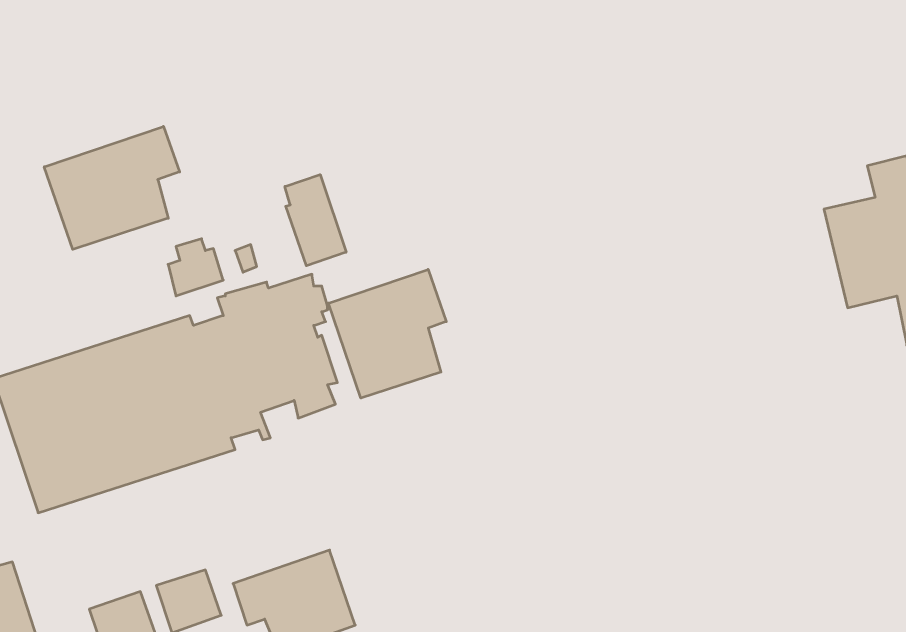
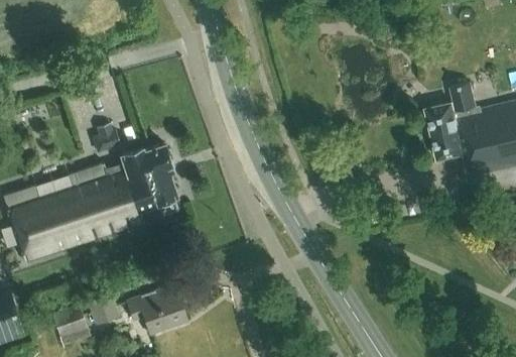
building: [44,126,180,249] -> none
building: [285,175,346,266] -> none
building: [329,269,446,398] -> none

